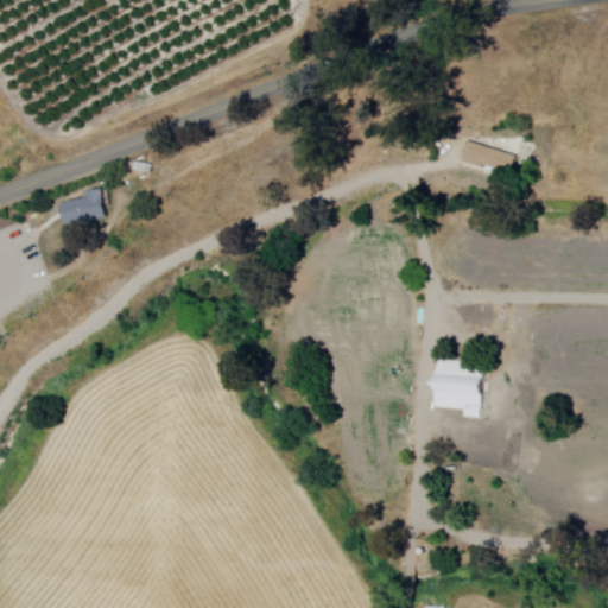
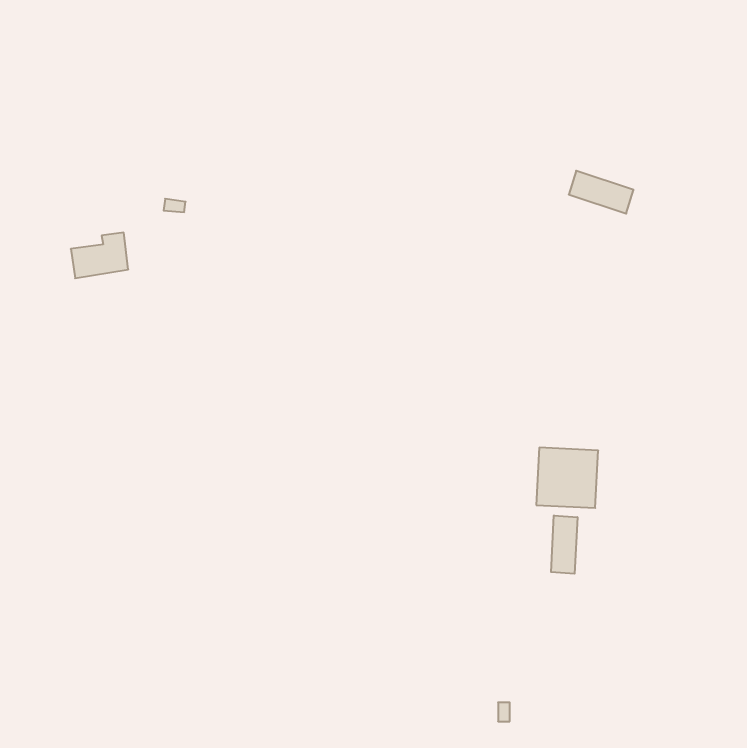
building: none -> [551,515,577,574]

